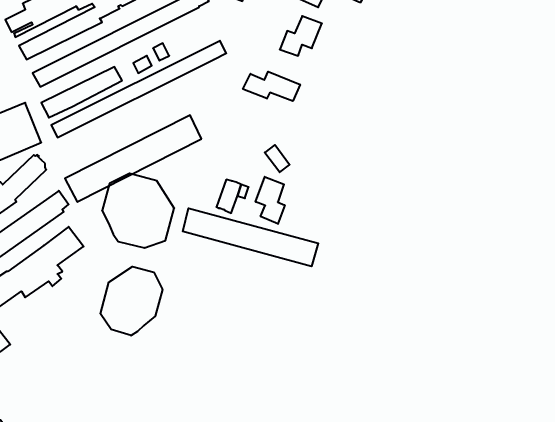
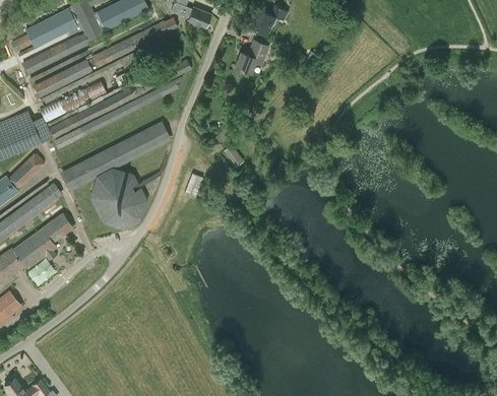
building: [243,72,300,101] -> none
building: [256,177,285,224] -> none
building: [183,208,318,266] -> none
building: [100,267,162,336] -> none

